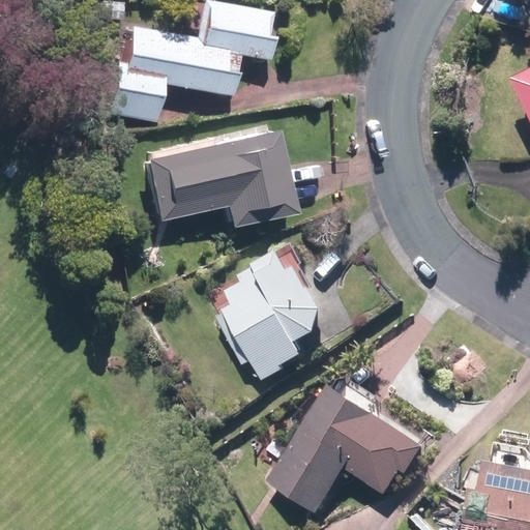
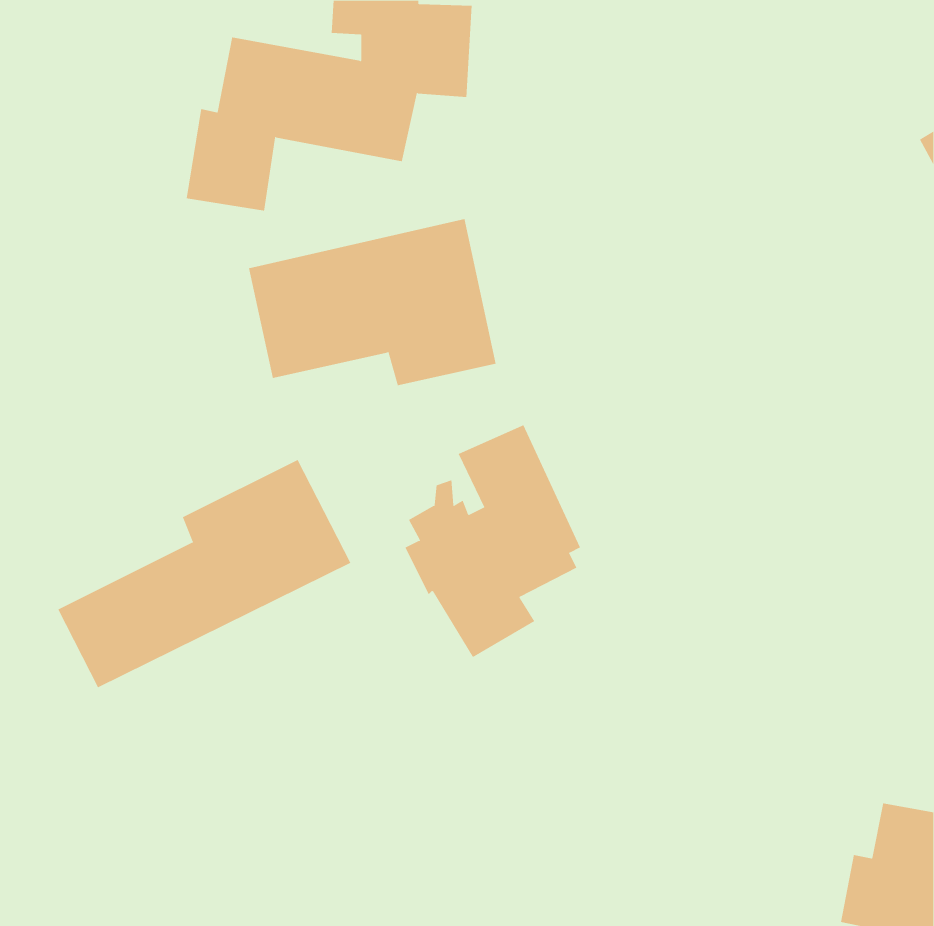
building: none -> [58,459,351,688]
building: [274,384,434,516] -> none

